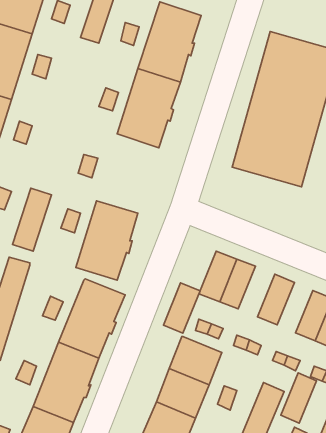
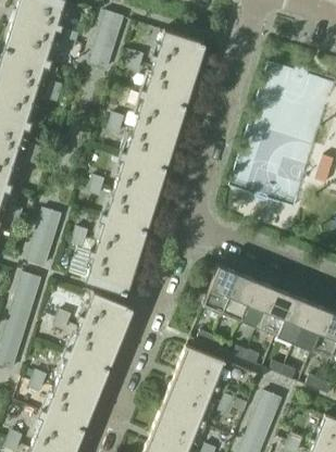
building: none -> [105,155,164,230]
building: [163,283,200,333] -> [239,280,274,328]
building: [281,373,317,423] -> [276,296,310,343]

